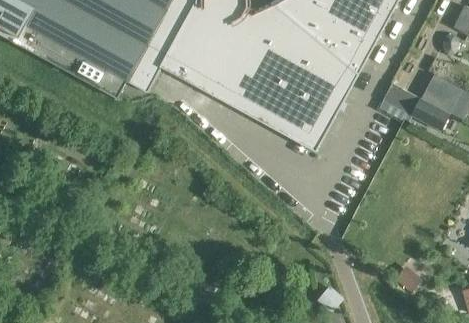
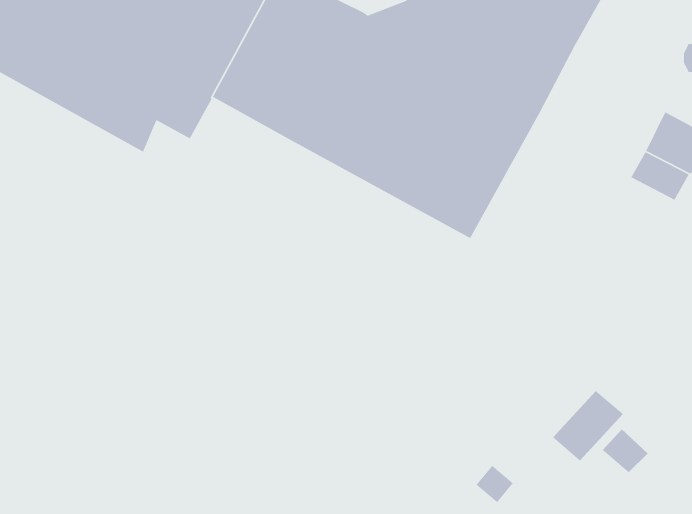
building: [381,82,419,113] -> none
building: none -> [552,390,624,461]

